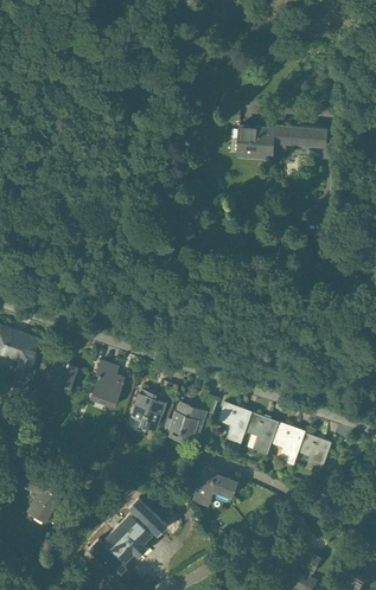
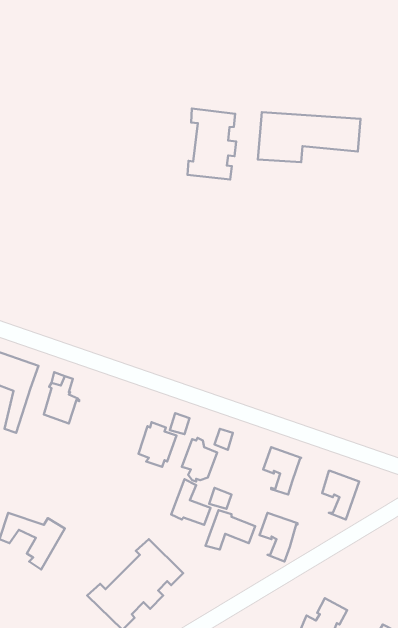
building: none -> [188,108,236,179]
building: [90,360,123,406] -> none
building: [217,402,251,444] -> none
building: [270,423,305,467] -> [260,513,298,561]
building: none -> [171,479,210,525]

